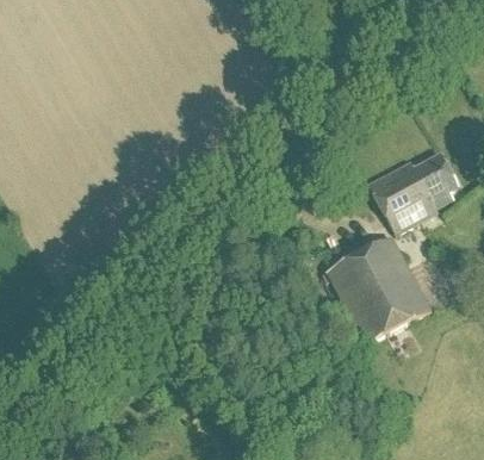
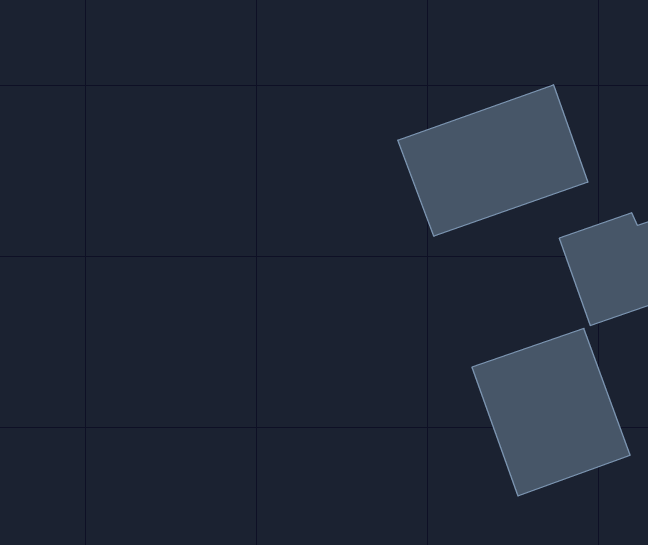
building: none -> [398,85,588,236]

